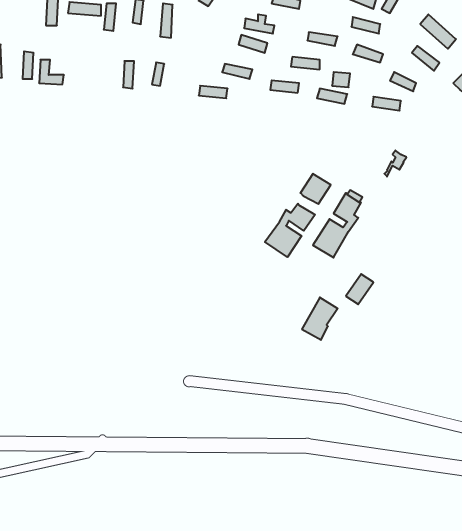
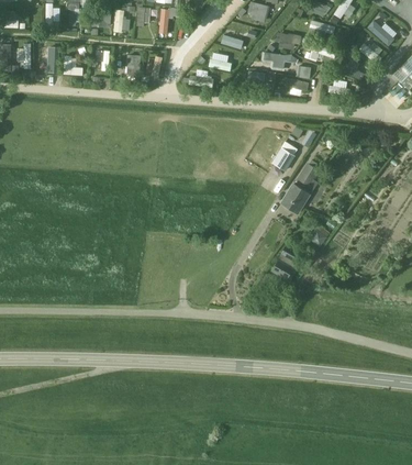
building: [265,204,315,257] -> none

